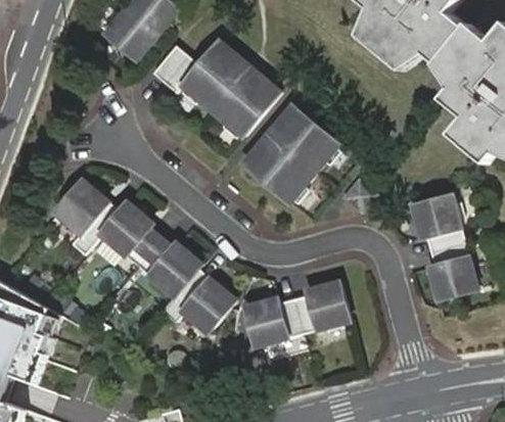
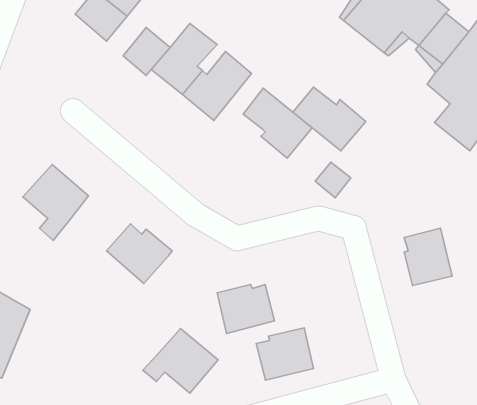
building: [241,140,313,202] -> [293,87,366,151]
building: [411,195,463,251] -> none
building: [100,202,159,265] -> none
building: [159,270,233,333] -> [143,328,218,393]
building: [291,282,348,333] -> [256,328,313,380]

